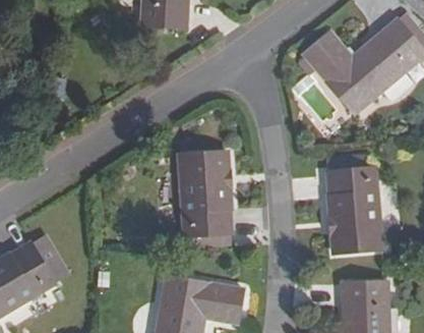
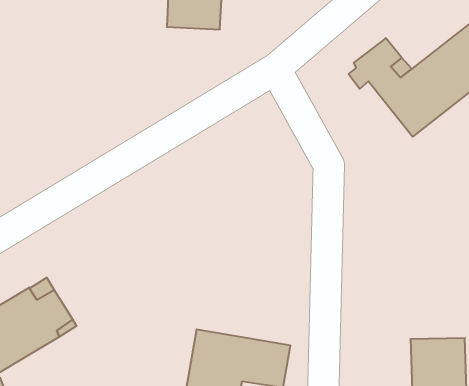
building: [178,153,233,237] -> none
building: [325,168,383,255] -> none

